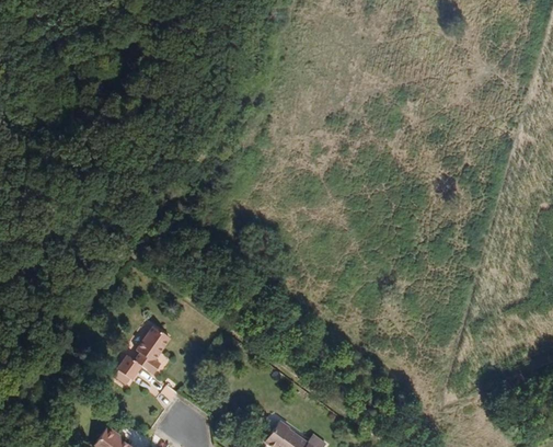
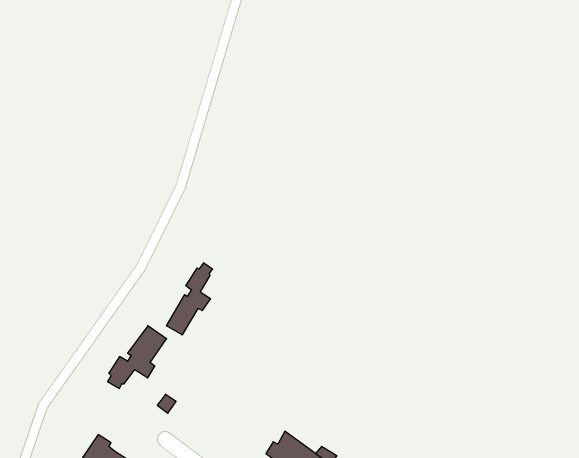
building: none -> [167,263,213,335]

